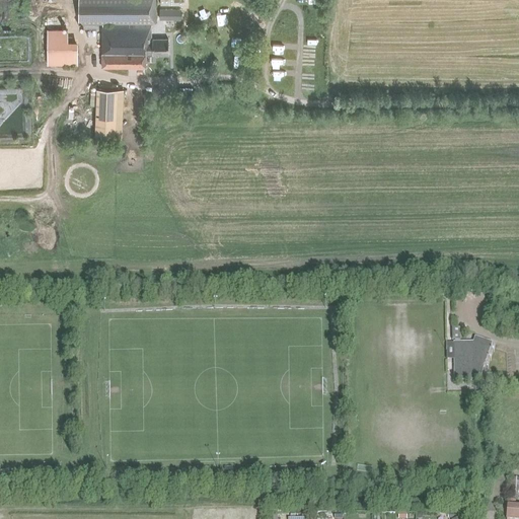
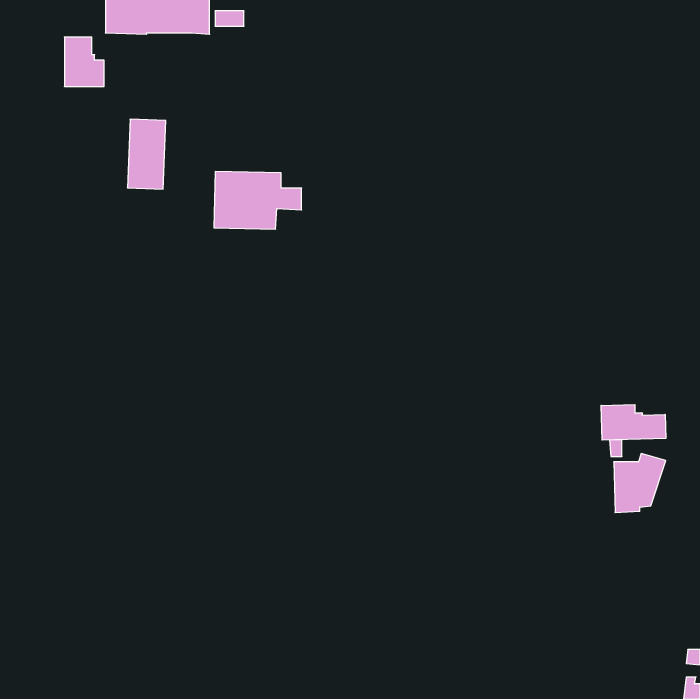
building: [100,25,165,68] -> [214,172,302,229]
building: none -> [601,405,666,440]

